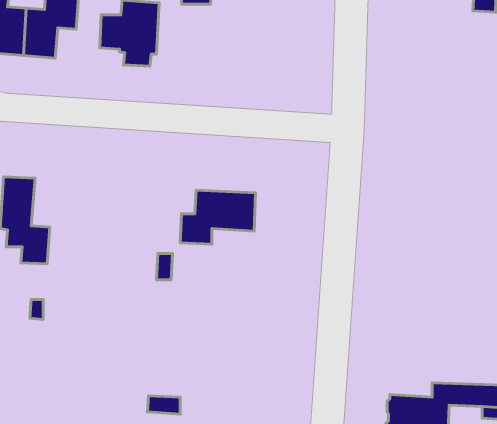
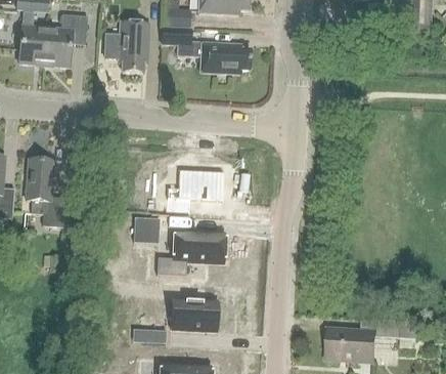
building: none -> [162,27,251,74]
building: none -> [155,231,224,275]
building: none -> [170,299,217,331]

